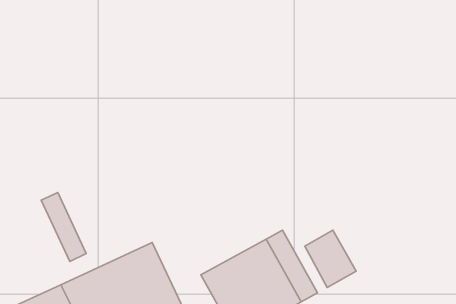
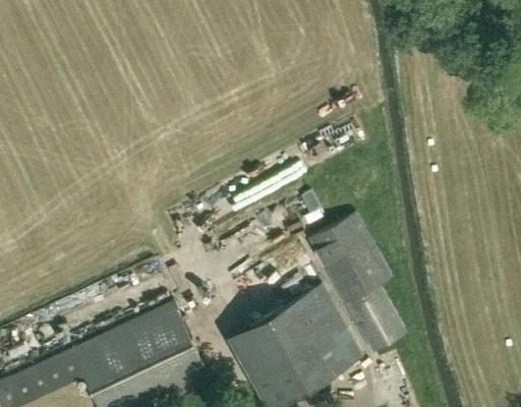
building: none -> [309,216,390,306]
building: [41,192,86,261] -> none

